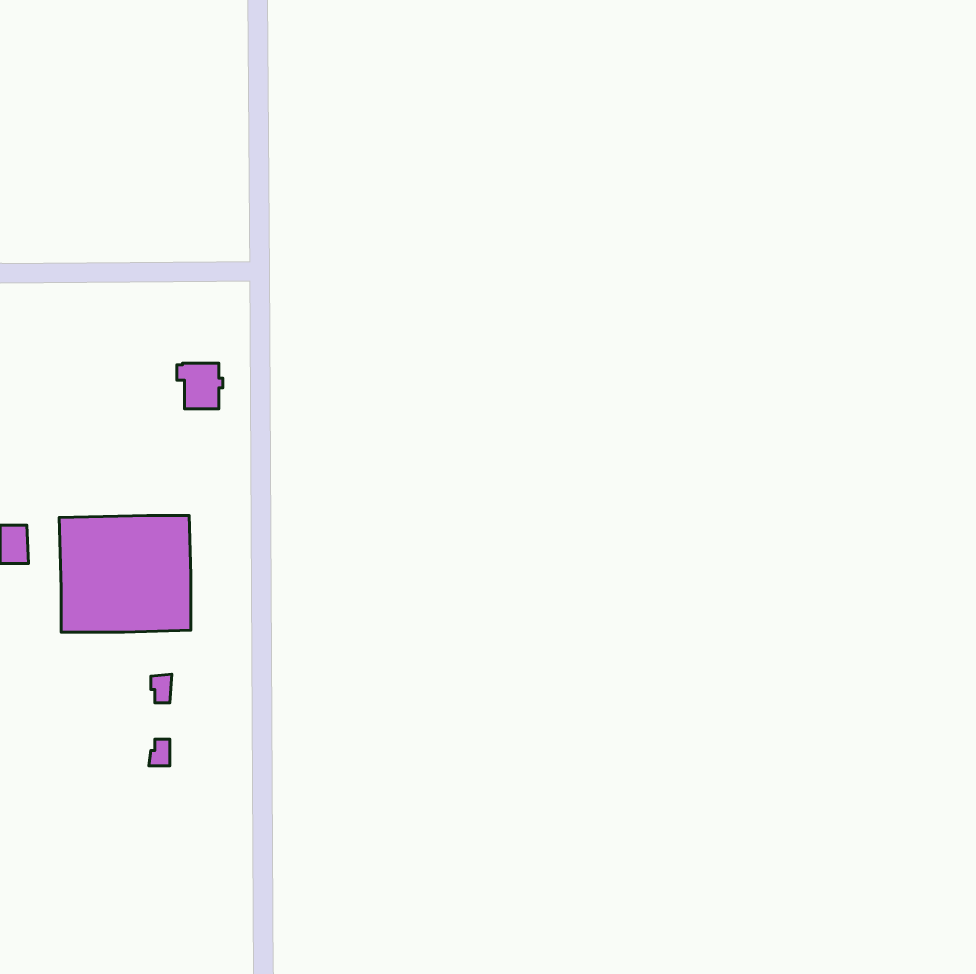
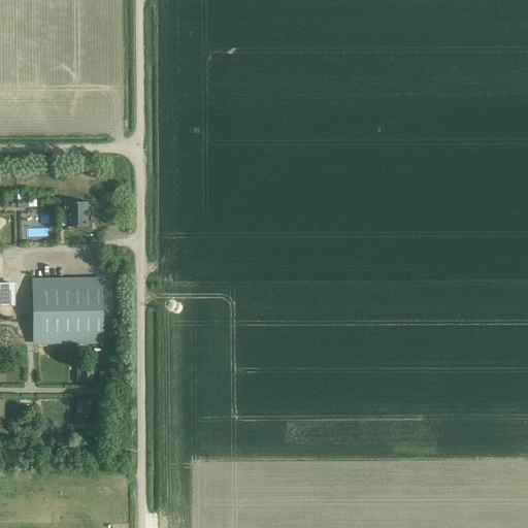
building: [177,363,223,409] -> [64,201,89,226]

